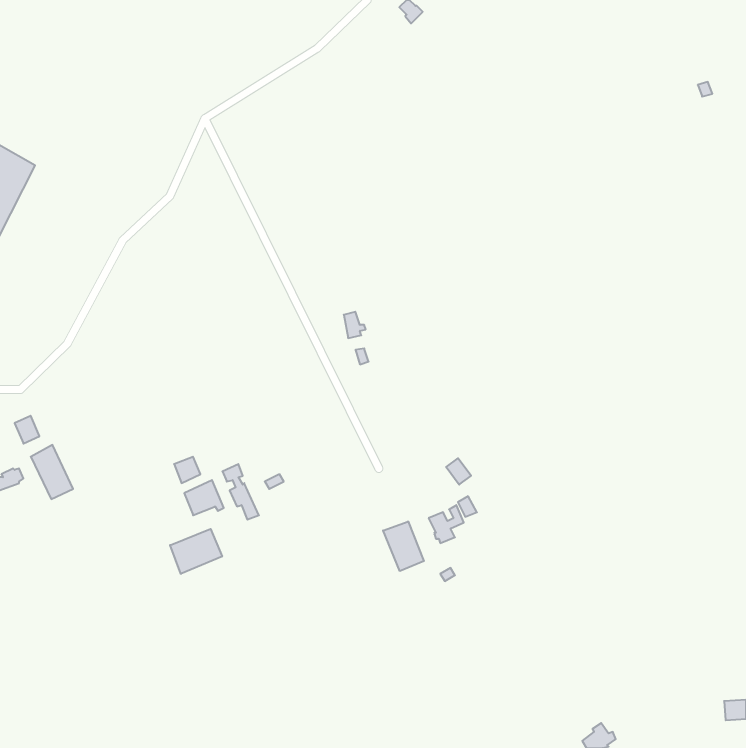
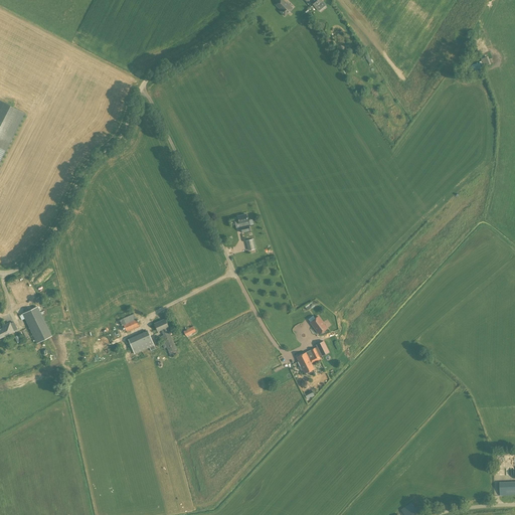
building: [383,521,424,571] -> none
building: [170,529,222,574] -> none

